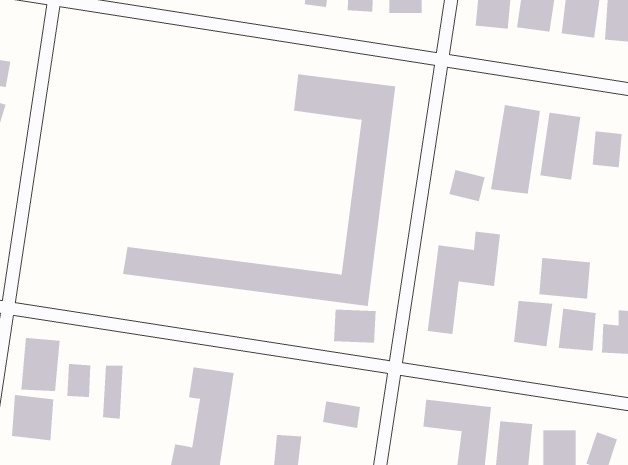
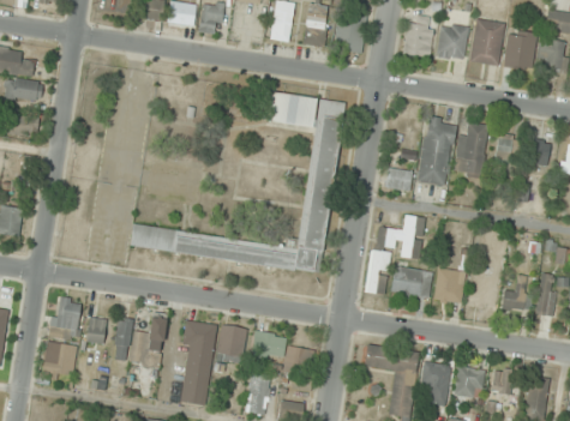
building: [538,258,591,299] -> [391,267,432,300]
building: [333,309,376,343] -> [252,332,286,359]
building: none -> [130,313,167,367]
building: none -> [220,326,244,363]

